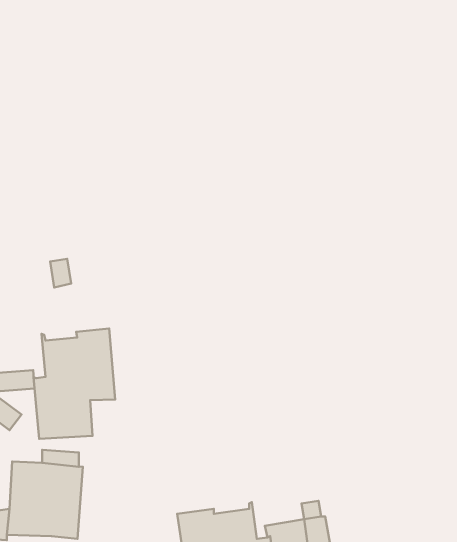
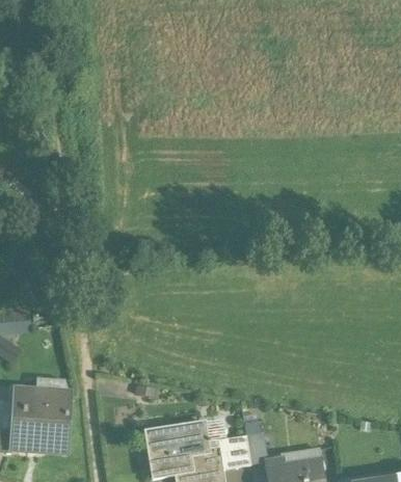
building: [34,328,115,439] -> none

